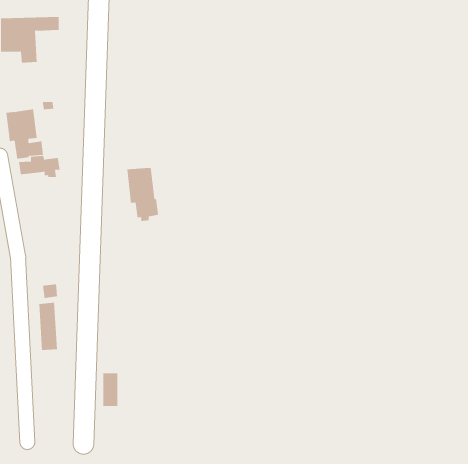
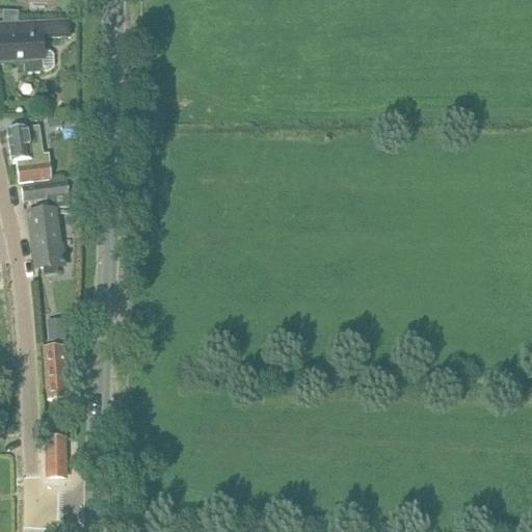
building: [127,167,159,221] -> [27,208,63,269]
building: [103,373,118,407] -> [47,436,64,475]

